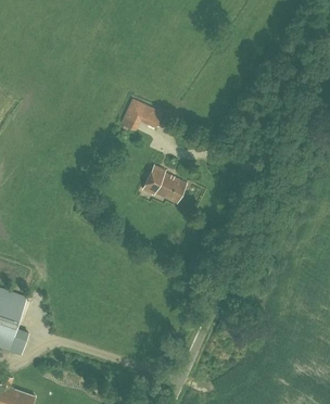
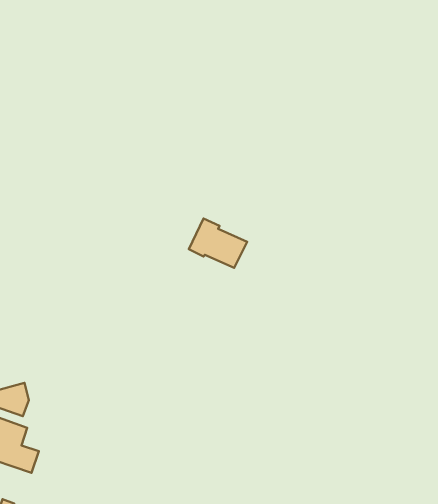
building: [122,102,162,130] -> none

